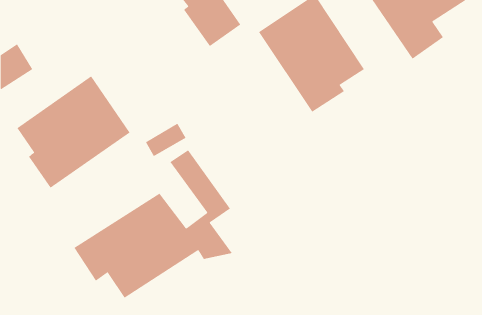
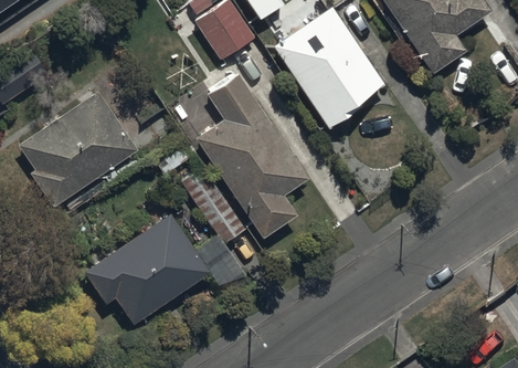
building: none -> [194,74,309,239]

